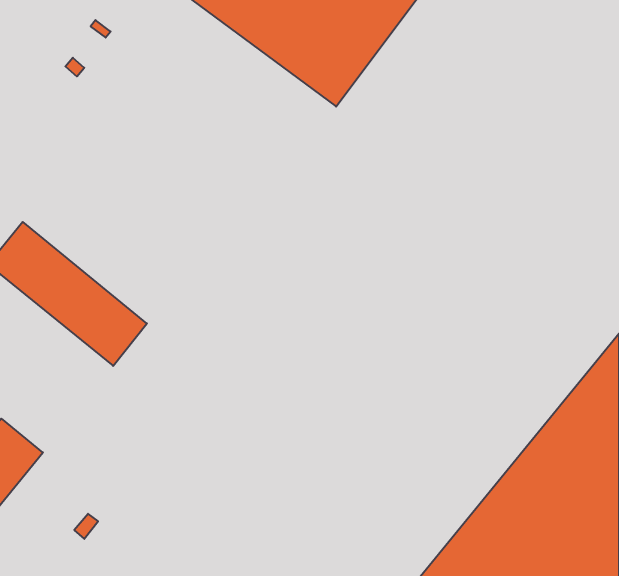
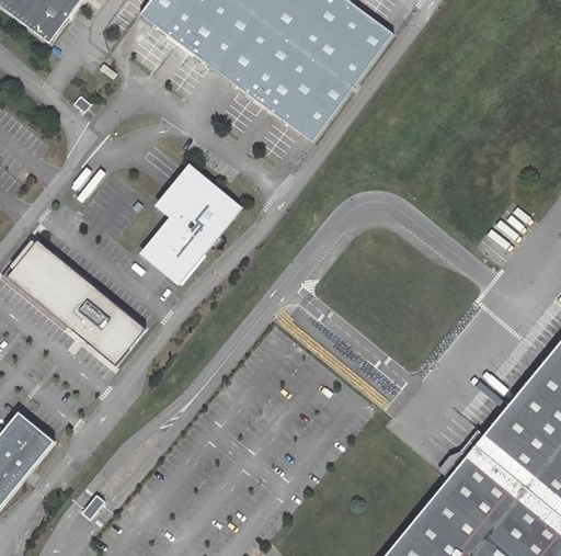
building: none -> [137,164,244,285]

